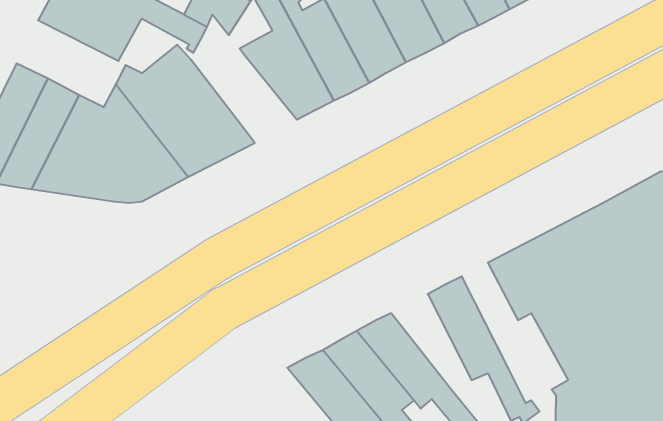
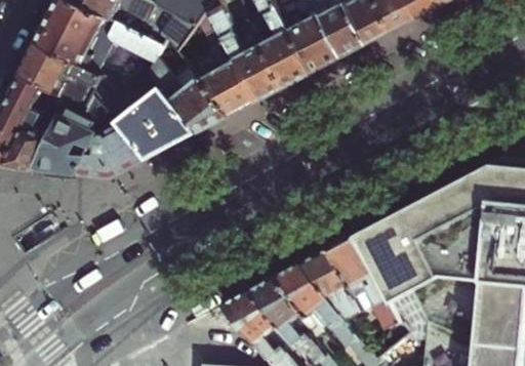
building: none -> [21,40,103,106]
building: none -> [152,55,232,132]
building: none -> [356,222,436,318]
building: none -> [302,246,363,319]

